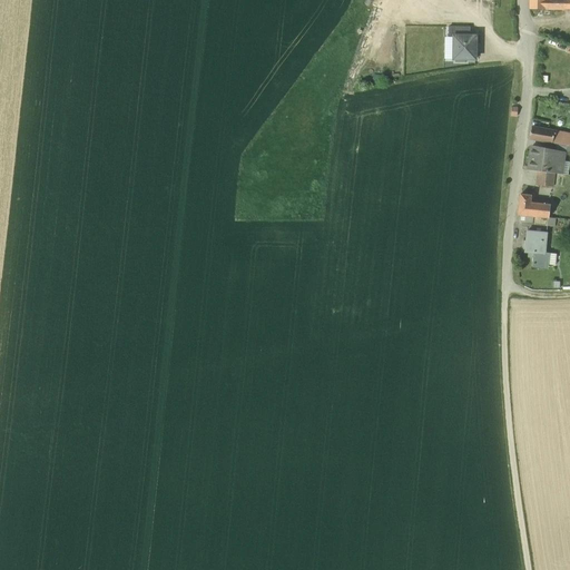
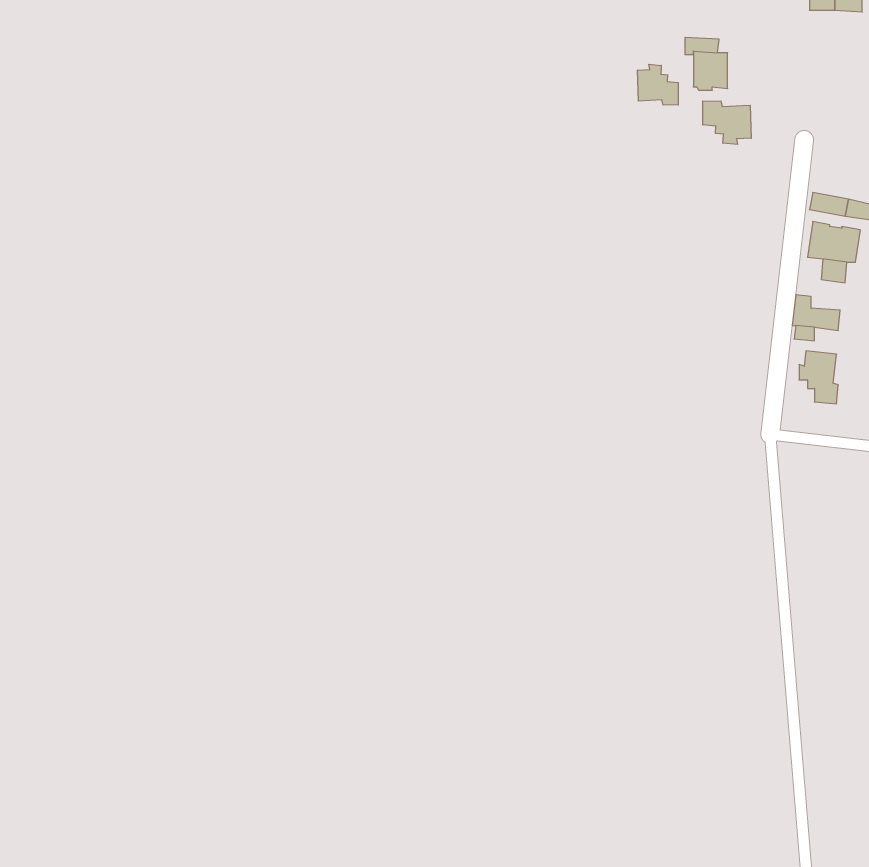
building: none -> [638,64,678,105]
building: none -> [703,101,751,144]

